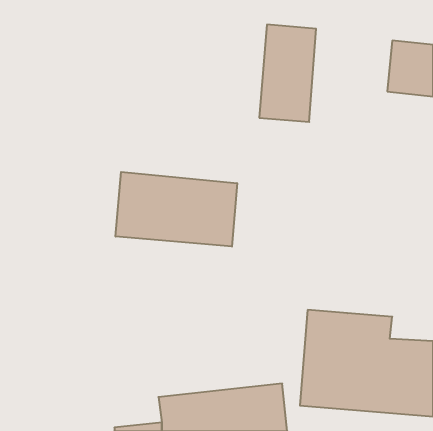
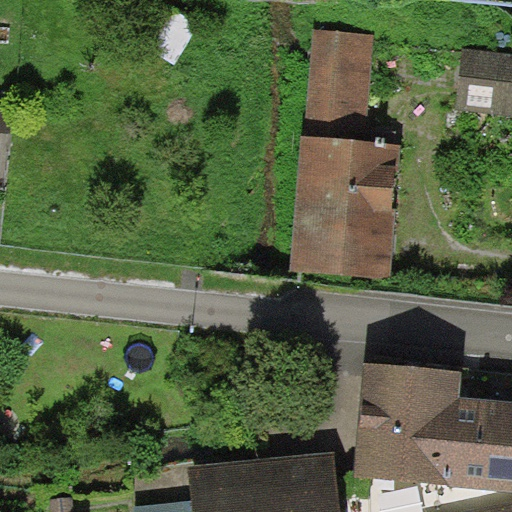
building: none -> [290,139,402,279]
building: [116,172,237,247] -> none

